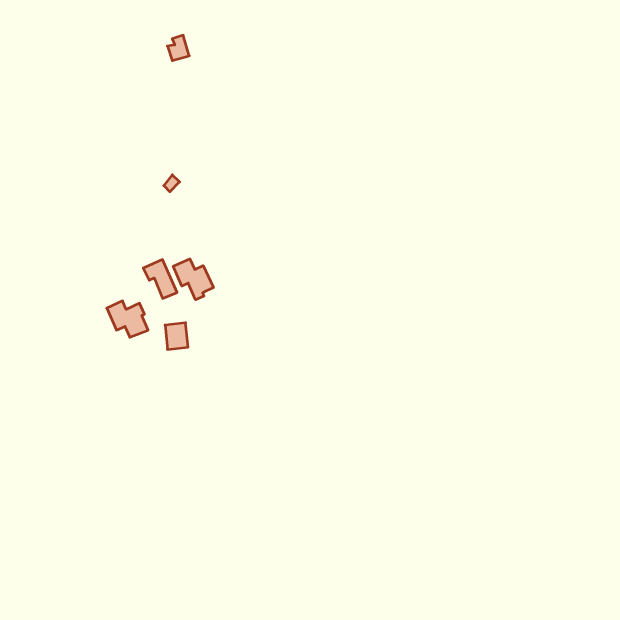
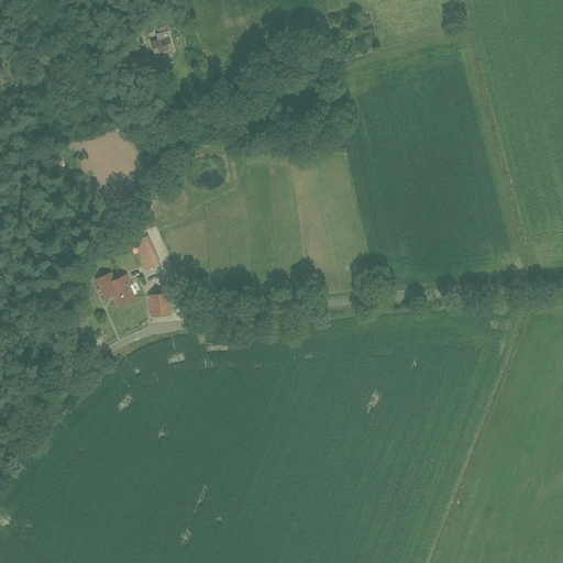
building: [173,259,213,300] -> none

